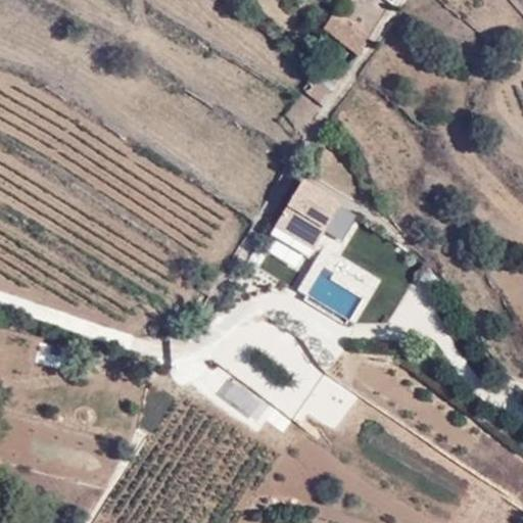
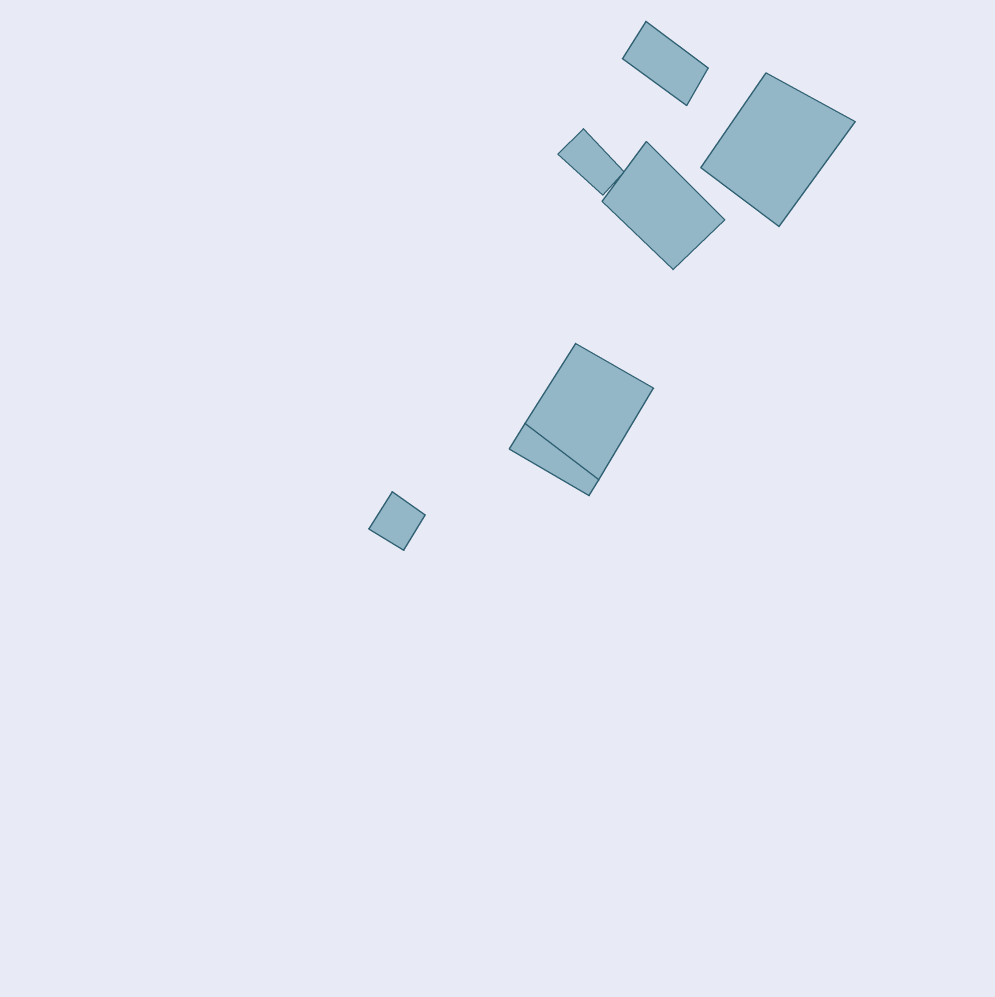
building: none -> [701,73,855,227]
building: none -> [602,142,725,270]

